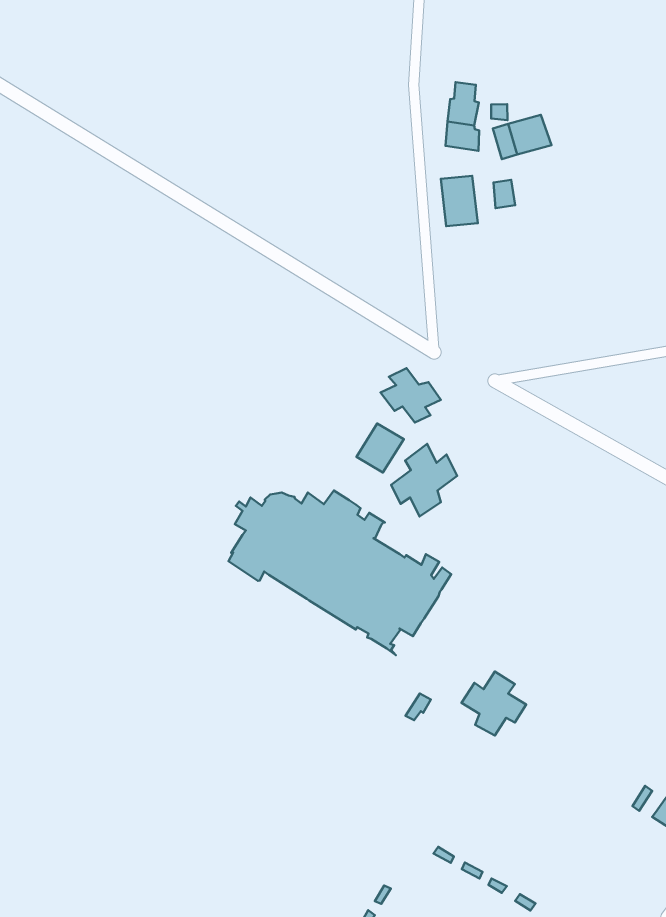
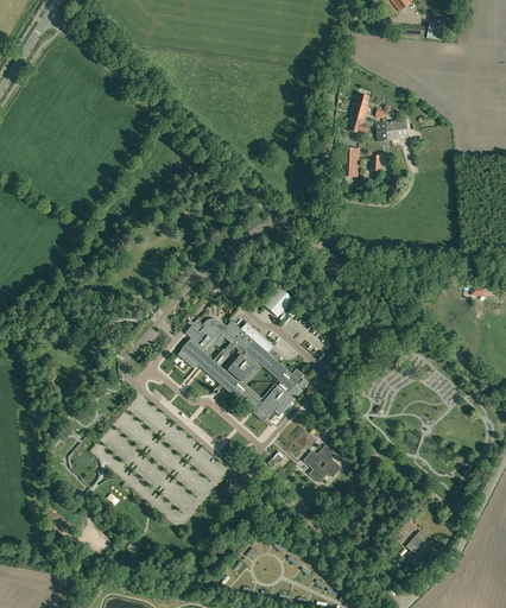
building: [380,368,441,423] -> none
building: [391,444,457,517] -> none

